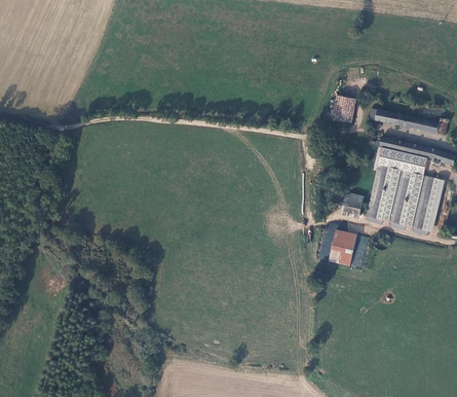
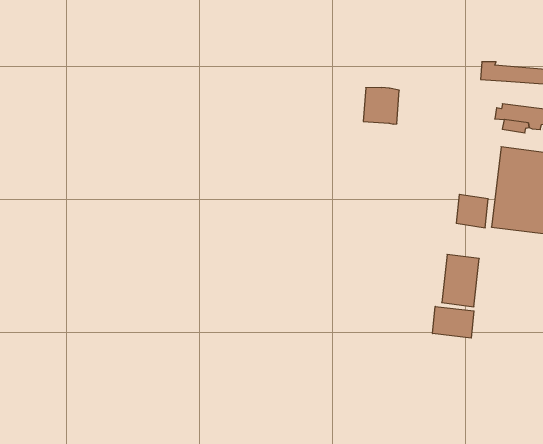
building: [328,98,353,123] -> [363,88,399,124]
building: none -> [433,306,474,338]

